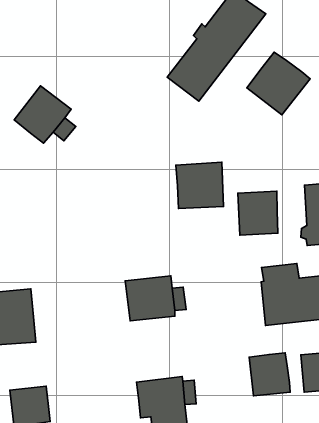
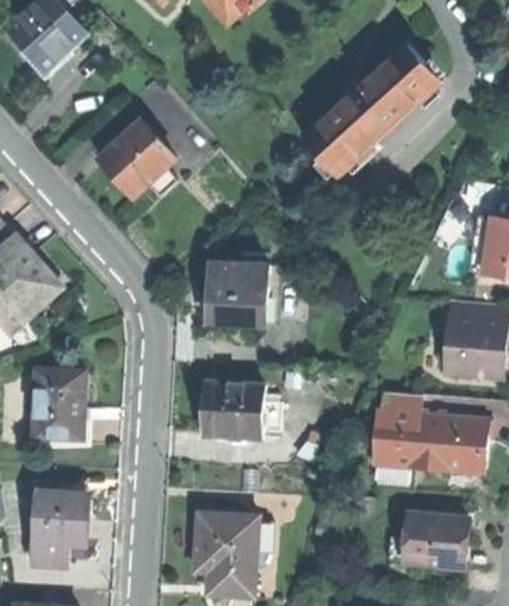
building: [247,52,310,115] -> none
building: [176,162,224,208] -> [206,262,271,324]
building: [238,191,278,235] -> none
building: [249,353,290,396] -> none

